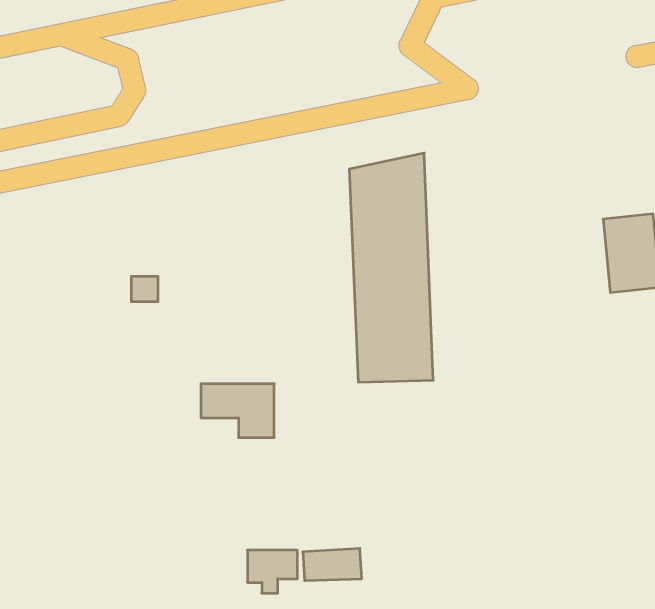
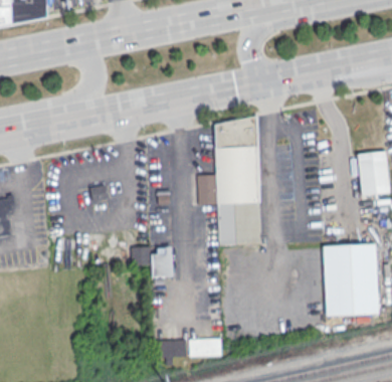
building: none -> [324,242,379,314]

